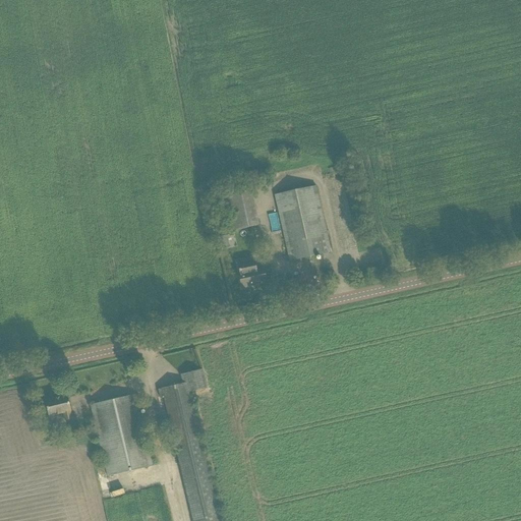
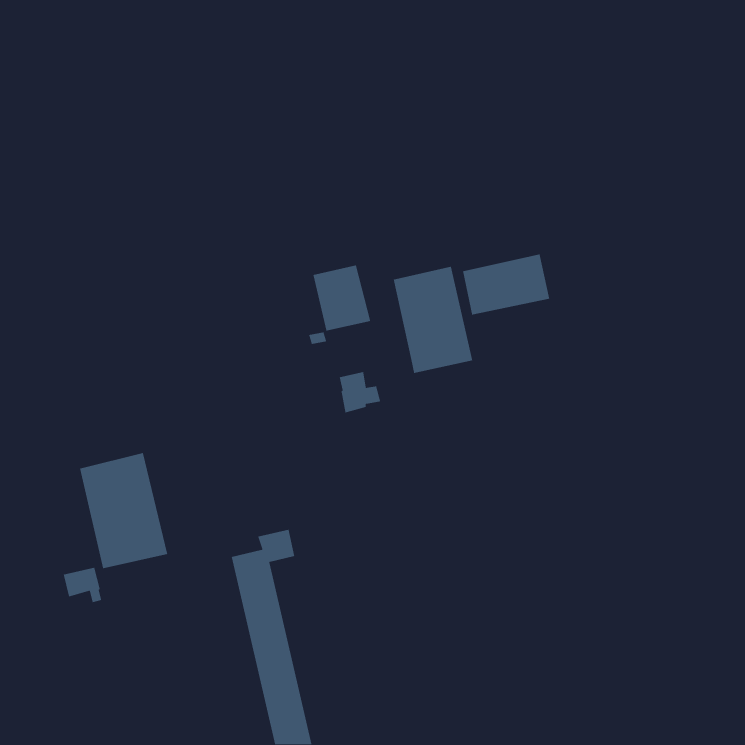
building: none -> [462,253,550,316]
building: [90,394,152,475] -> [79,452,168,569]

